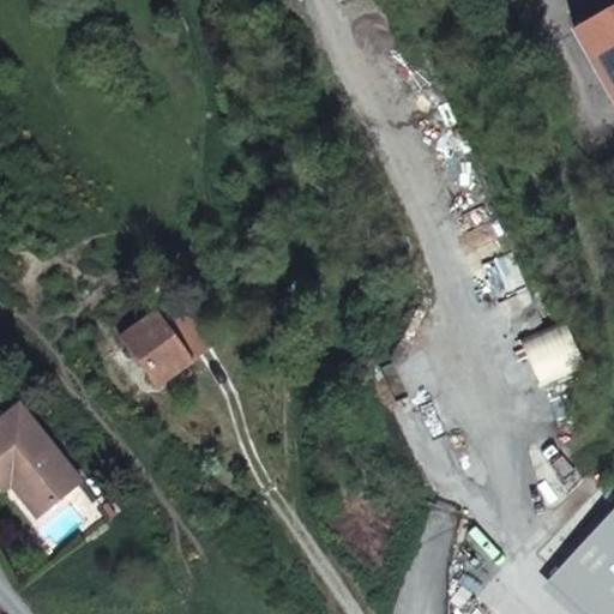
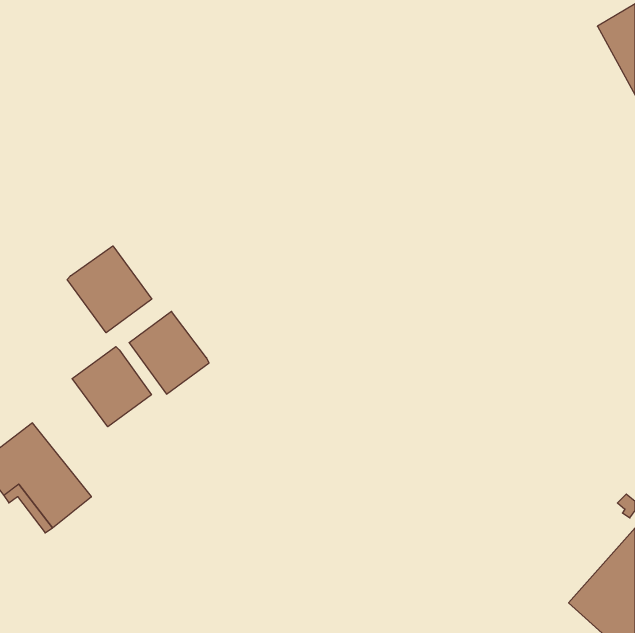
building: none -> [67,246,152,333]
building: none -> [72,347,151,427]

